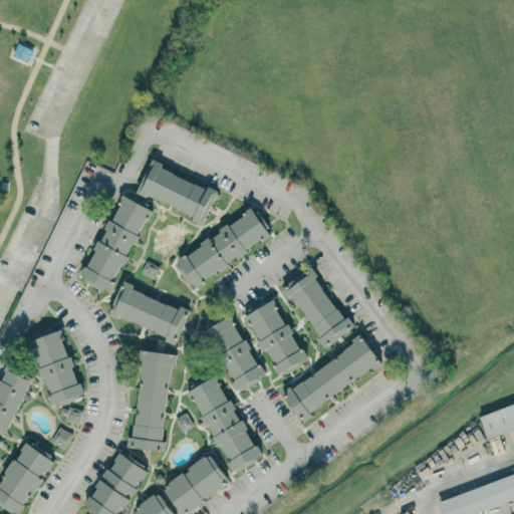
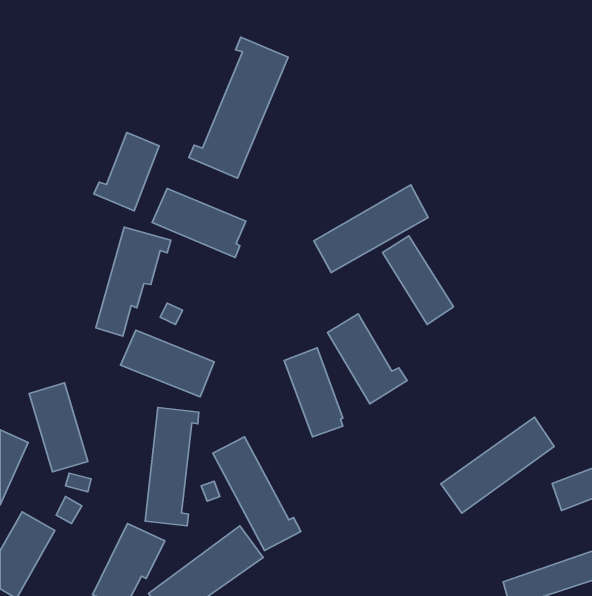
building: none -> [189,37,288,178]
building: none -> [94,132,159,211]
building: none -> [382,236,454,325]
building: [174,210,272,285] -> [314,185,428,273]
building: [205,316,266,393] -> none
building: [281,338,378,421] -> [441,417,554,513]

